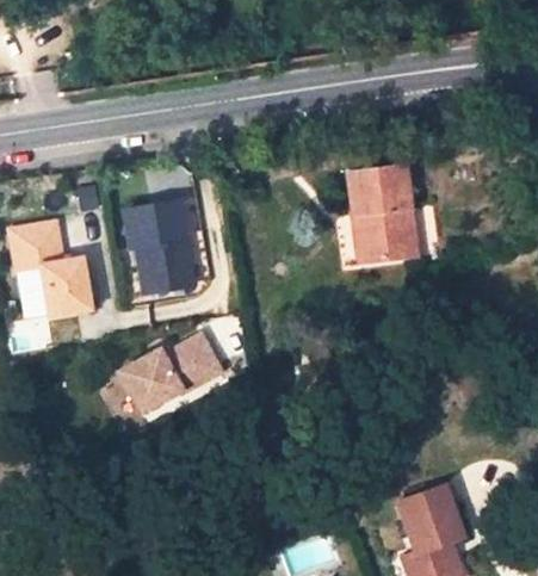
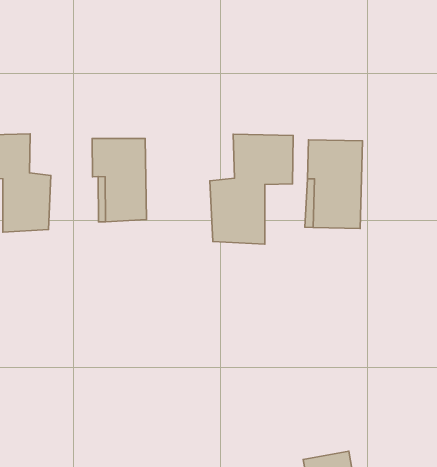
building: none -> [210,134,293,244]
building: [119,335,221,411] -> none

